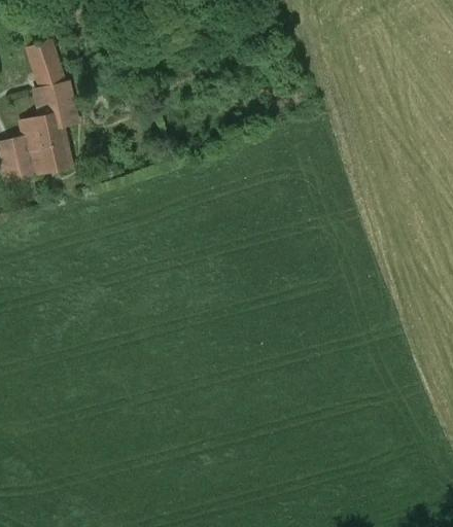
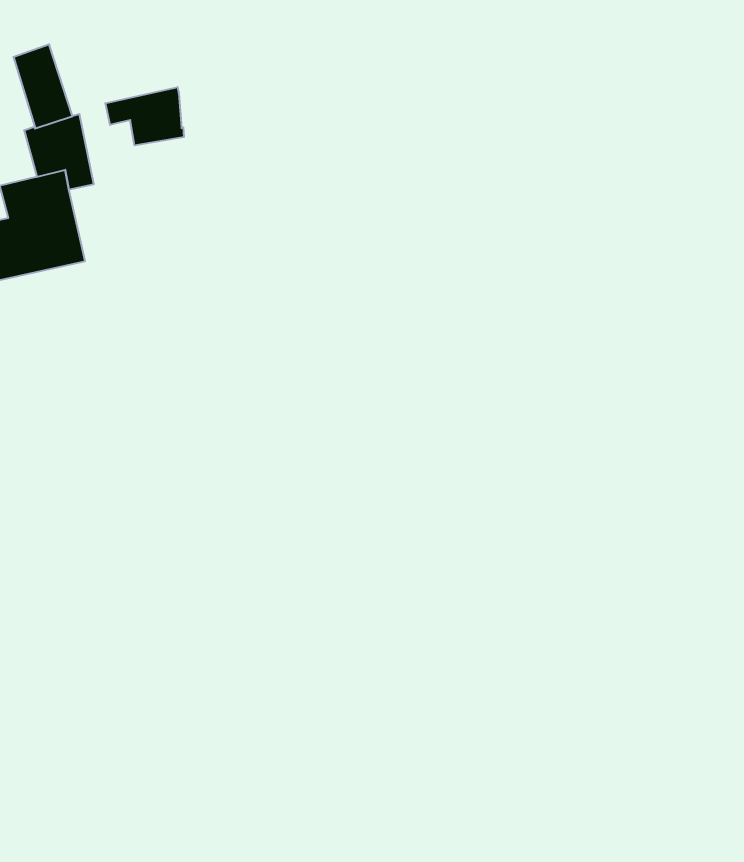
building: none -> [105,87,184,145]

